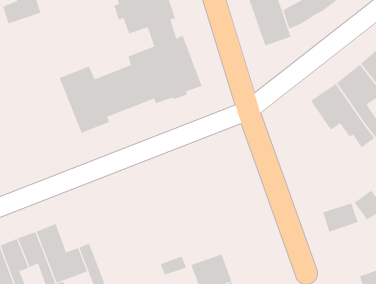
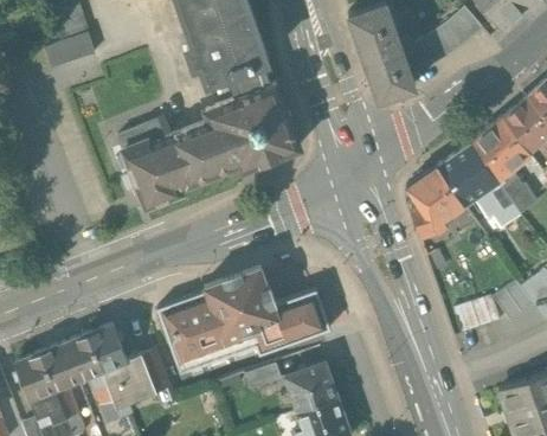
building: none -> [407,166,464,235]
building: none -> [157,271,332,372]

